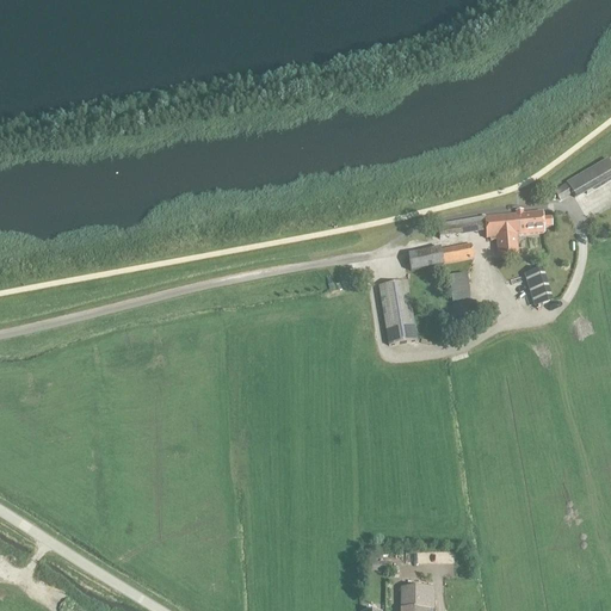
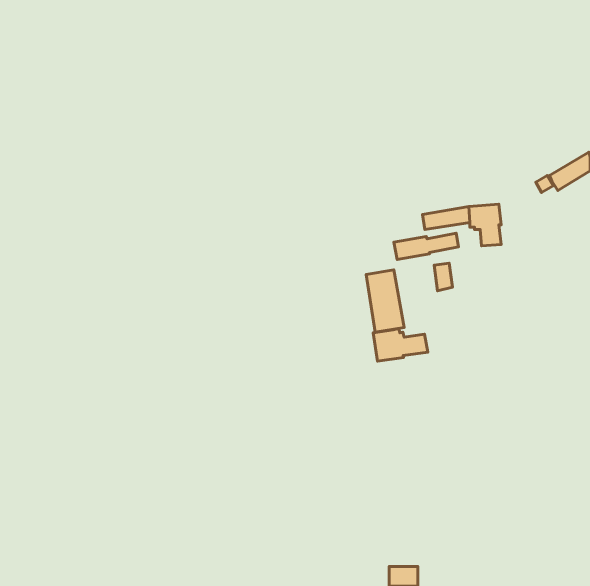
building: [516,209,544,233] -> none
building: [523,266,553,304] -> none
building: none -> [373,328,428,361]

